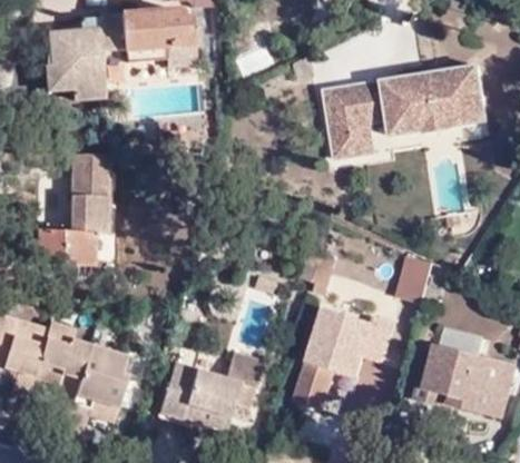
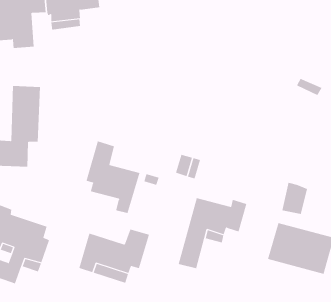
building: [323,66,485,157] -> none
building: none -> [86,141,140,214]
building: [394,249,431,294] -> [281,182,308,214]

